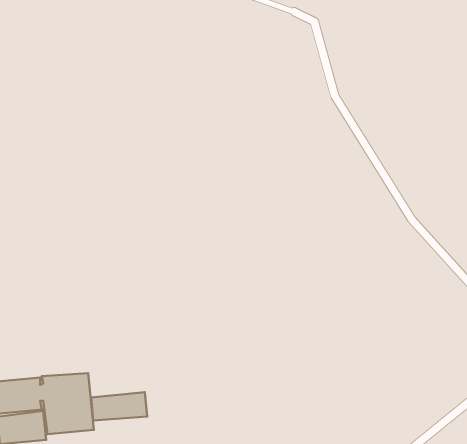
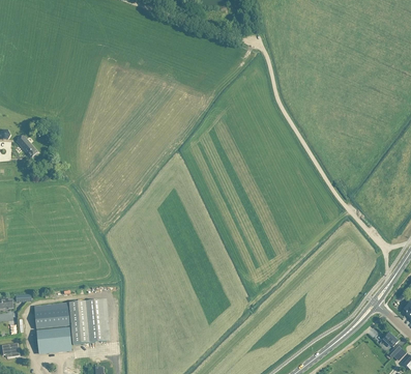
building: [91,392,147,421] -> none

